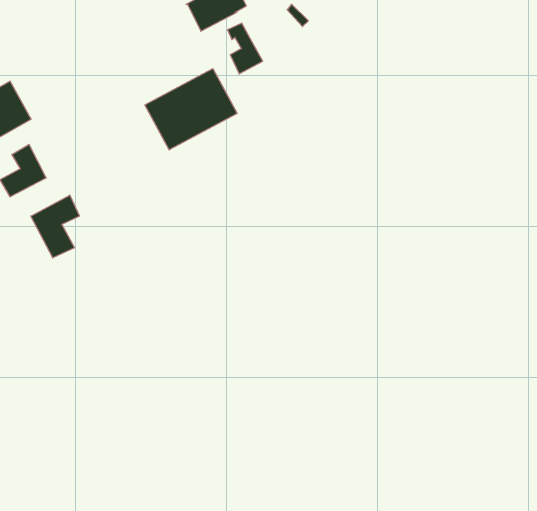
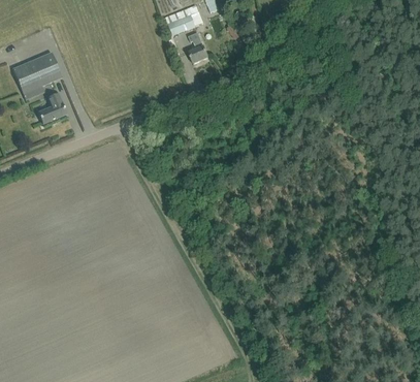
building: [145,69,237,150] -> none
building: [31,195,79,258] -> none

